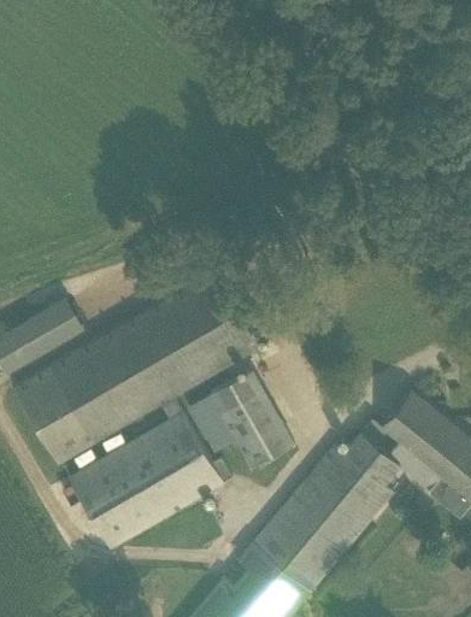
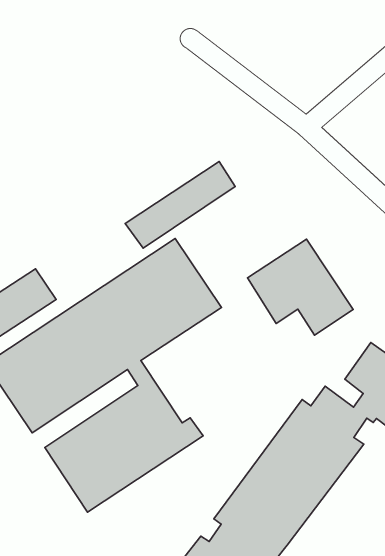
building: none -> [125,161,235,248]
building: [187,370,293,469] -> [248,239,353,335]

